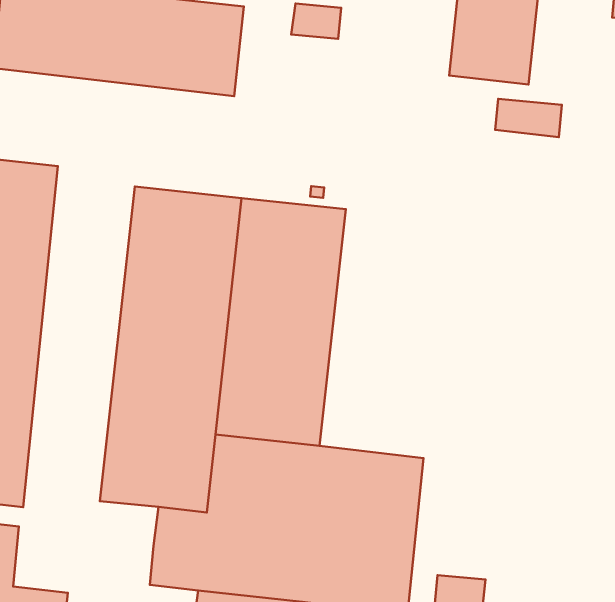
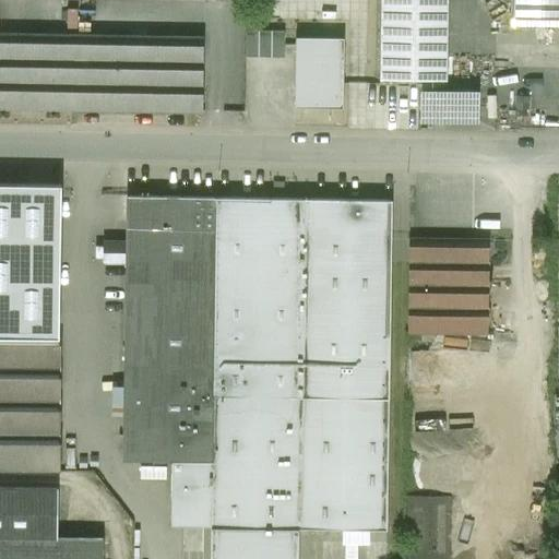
building: none -> [294,38,343,109]
building: none -> [300,199,391,400]
building: none -> [407,239,488,334]

